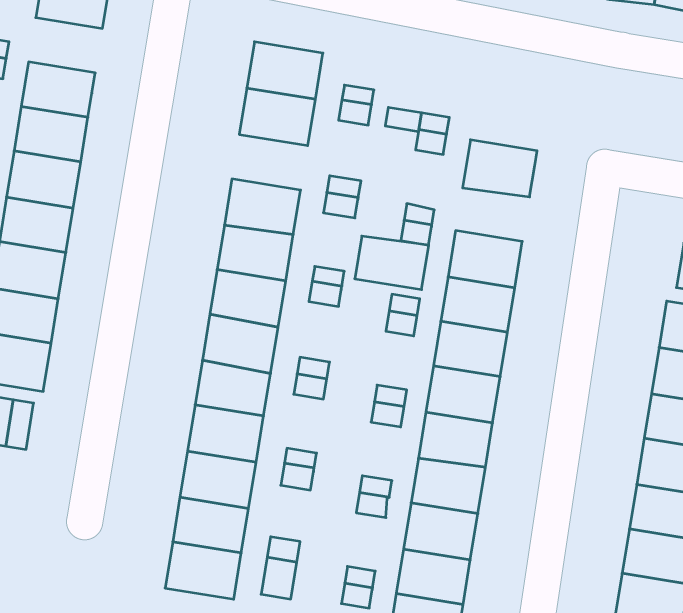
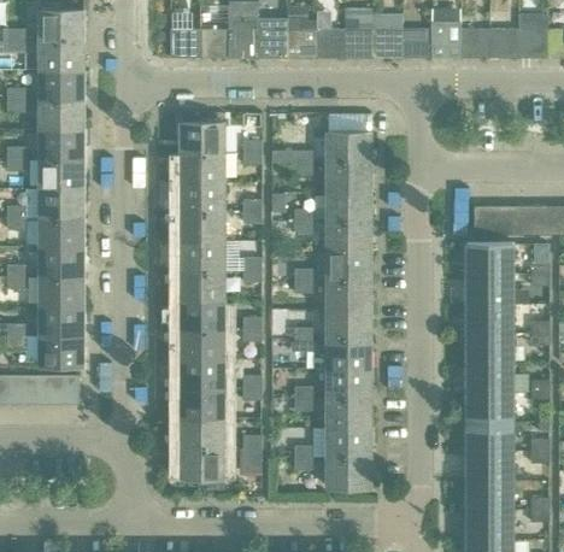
building: none -> [39,129,82,158]
building: none -> [327,131,370,162]
building: none -> [180,182,224,211]
building: [355,236,429,290] -> [327,192,370,221]

